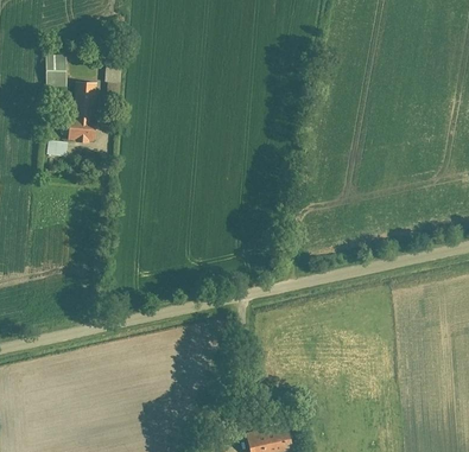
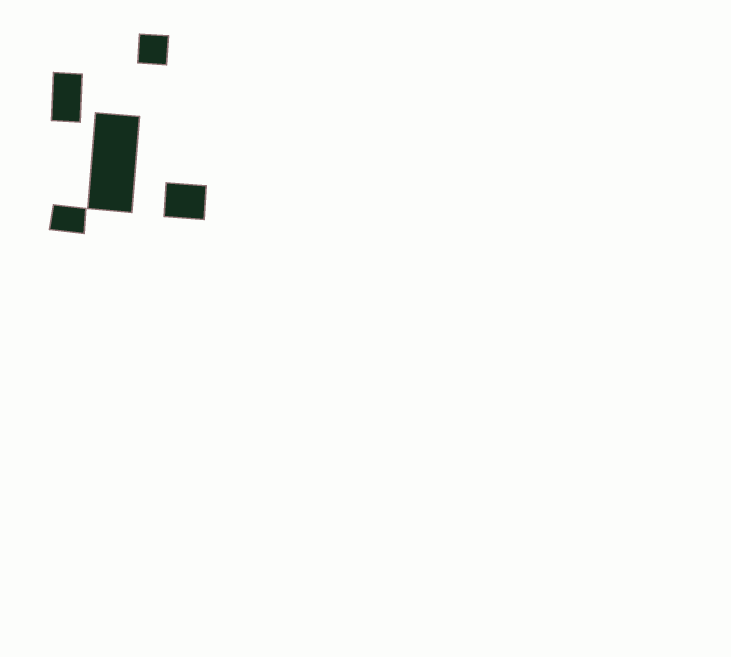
building: none -> [164,183,206,220]

